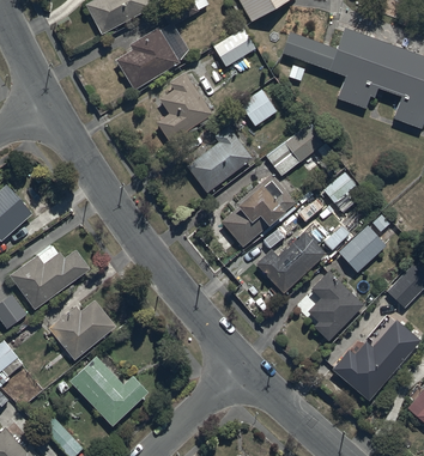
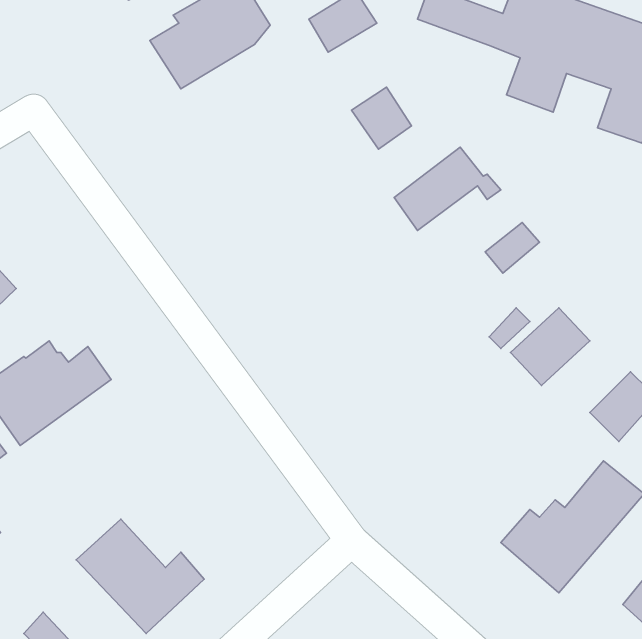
building: [157,73,213,142] -> none
building: [187,126,253,193] -> none
building: [222,174,296,247] -> none
building: [256,231,326,293] -> none
building: [296,270,364,341] -> none
building: [49,299,115,359] -> none

